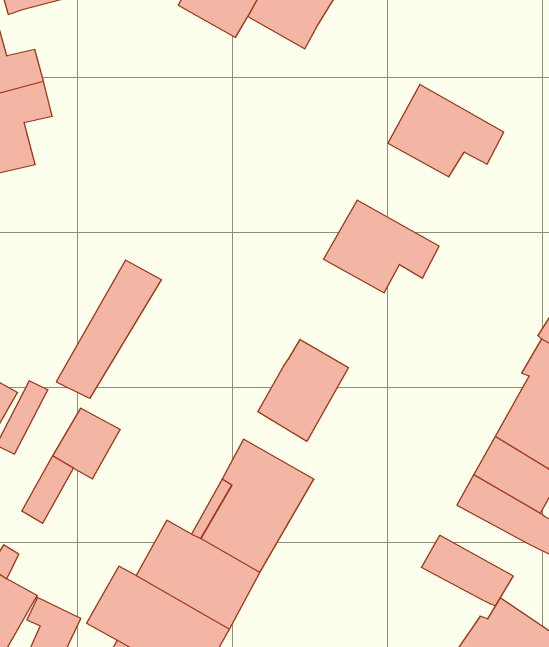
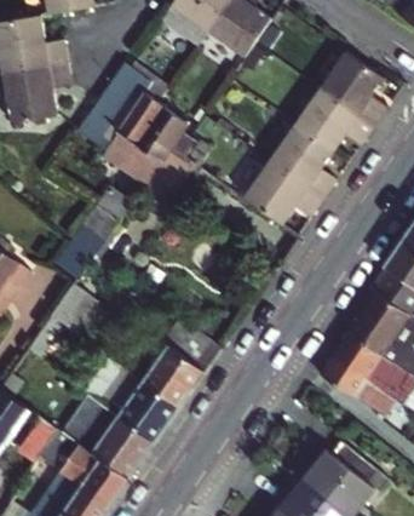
building: none -> [321,51,389,126]
building: none -> [76,61,195,180]
building: none -> [271,126,338,199]
building: [258,339,348,441] -> none
building: [421,535,513,606] -> none

